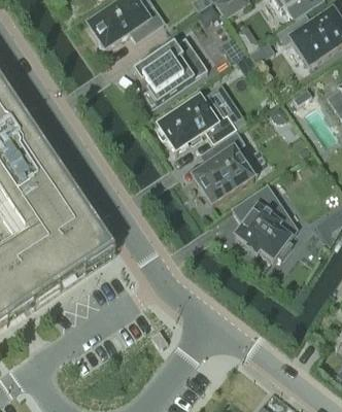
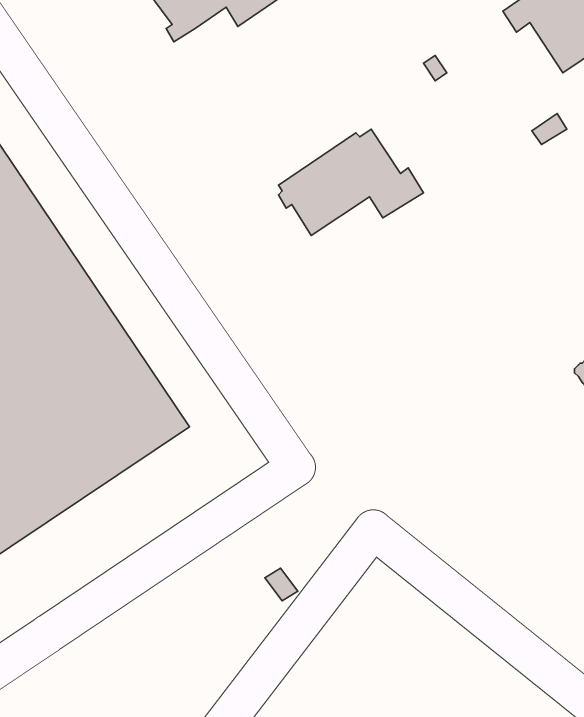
building: [133,34,207,105] -> none
building: [192,128,258,203] -> none
building: [231,180,299,259] -> none

